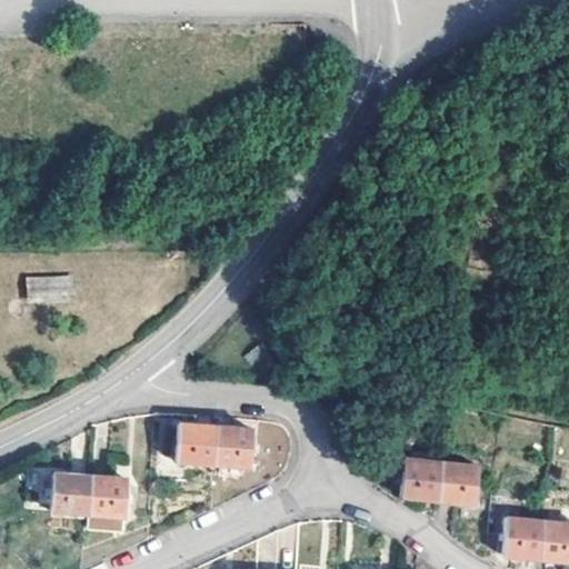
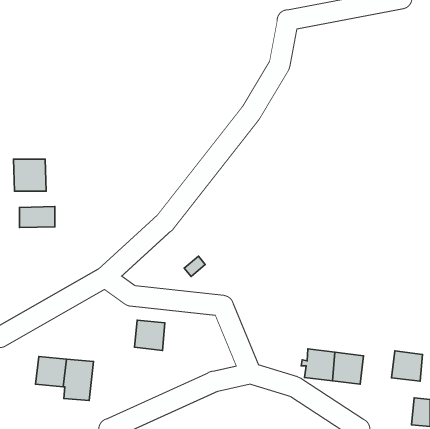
building: none -> [14,159,46,191]
building: [214,426,254,466] -> none
building: [506,520,547,560] -> [392,351,423,381]

